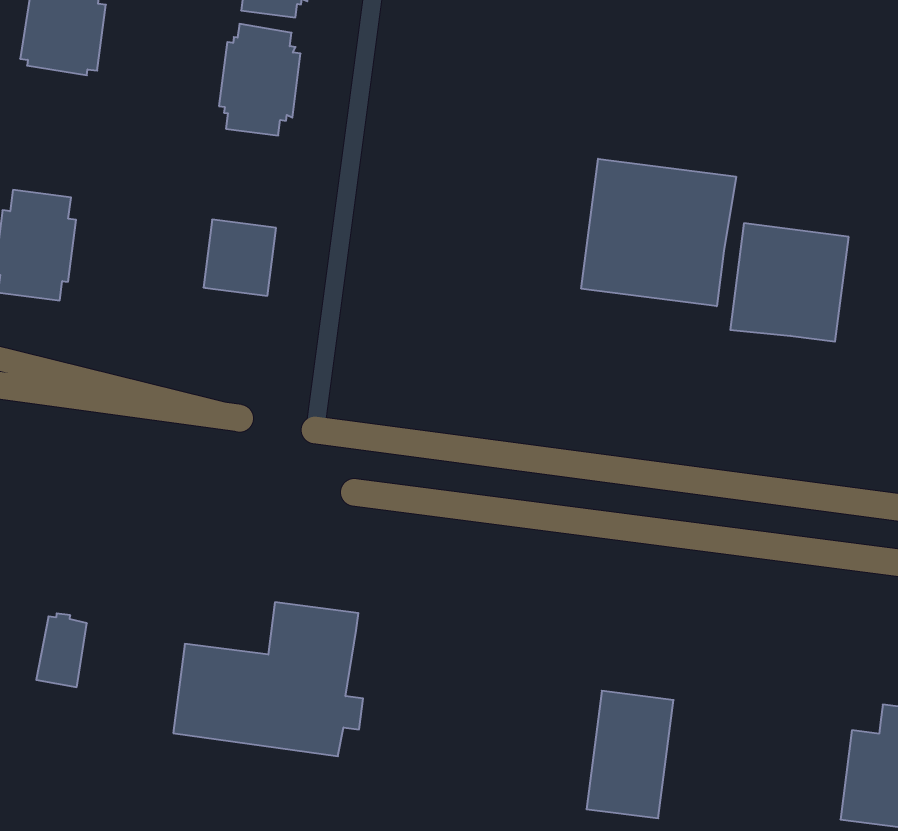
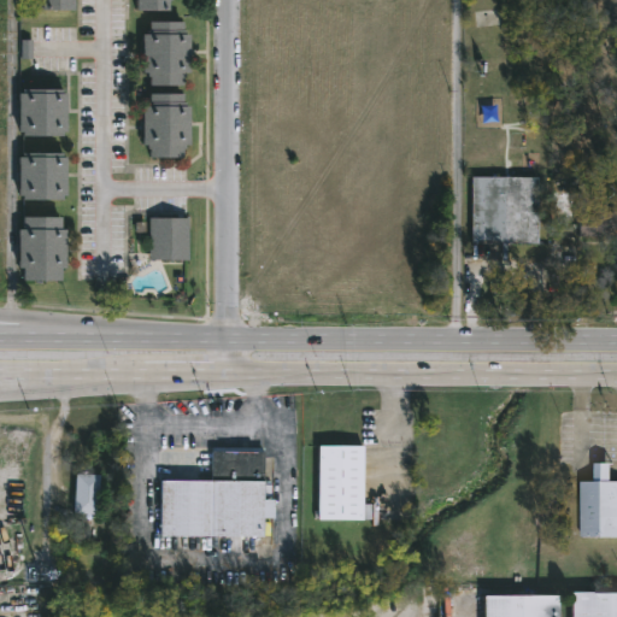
building: none -> [18,154,65,198]
building: [581,159,736,306] -> none
building: [586,691,674,818] -> [323,445,368,518]

